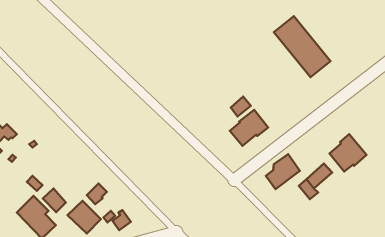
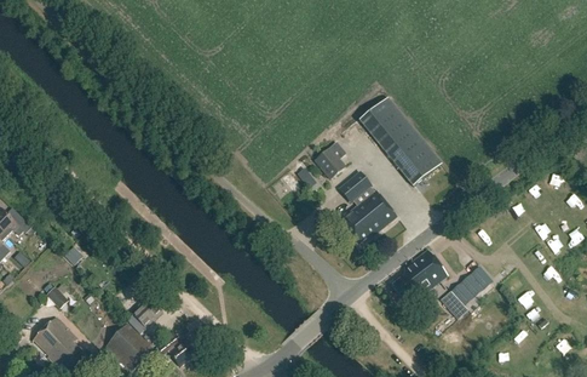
building: [274,16,330,77] -> [358,97,441,185]
building: none -> [313,142,345,178]
building: [329,134,367,172] -> none
building: [43,189,66,212] -> none

